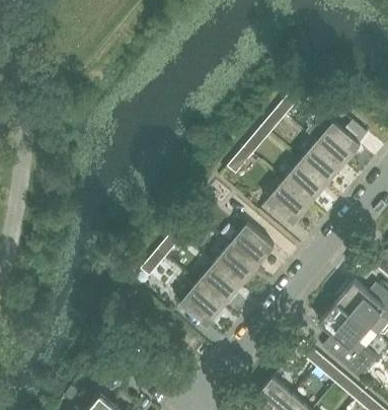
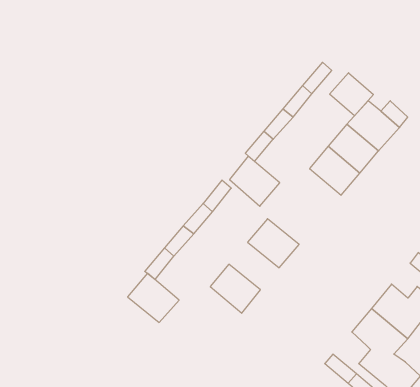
building: none -> [330,73,373,116]
building: [266,181,310,224] -> [230,156,280,206]
building: [213,245,256,286] -> none
building: [179,283,224,326] -> [128,273,179,322]

